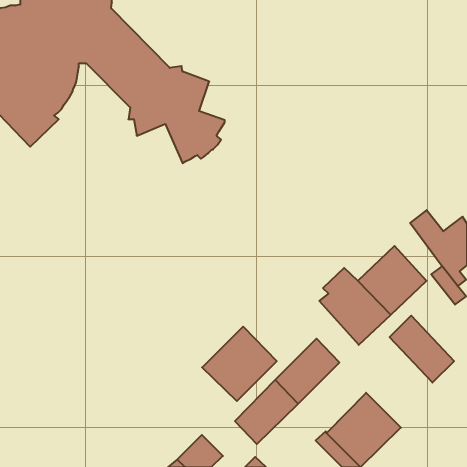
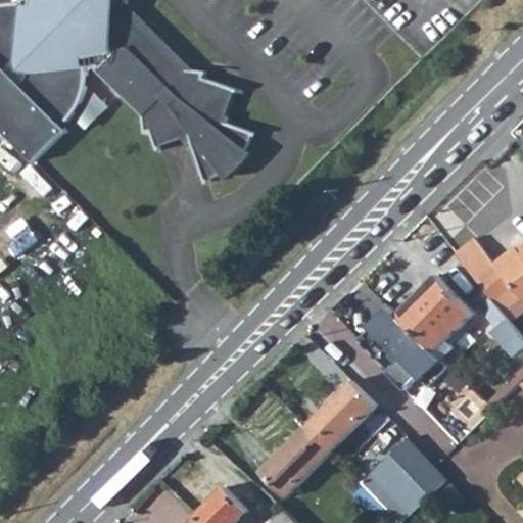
building: [390,316,454,383] -> none
building: [202,327,277,401] -> none

